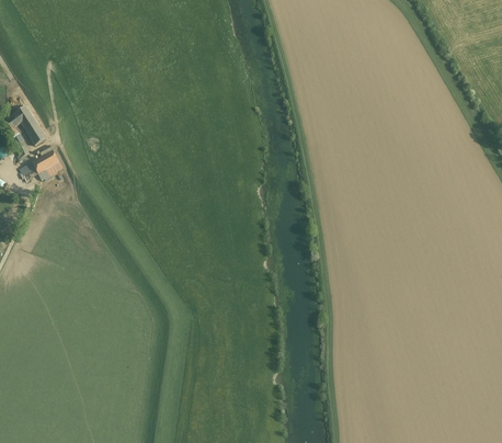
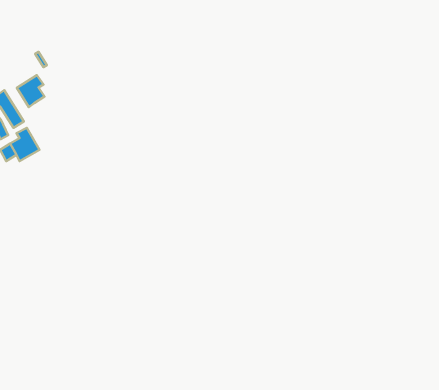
building: none -> [17,75,44,107]

